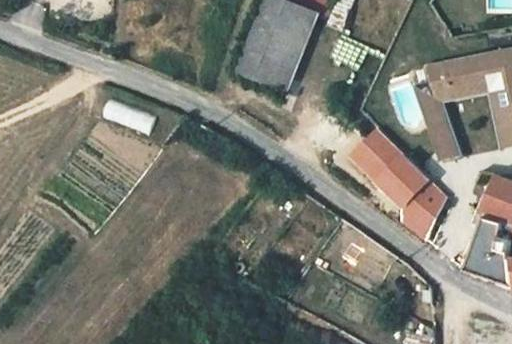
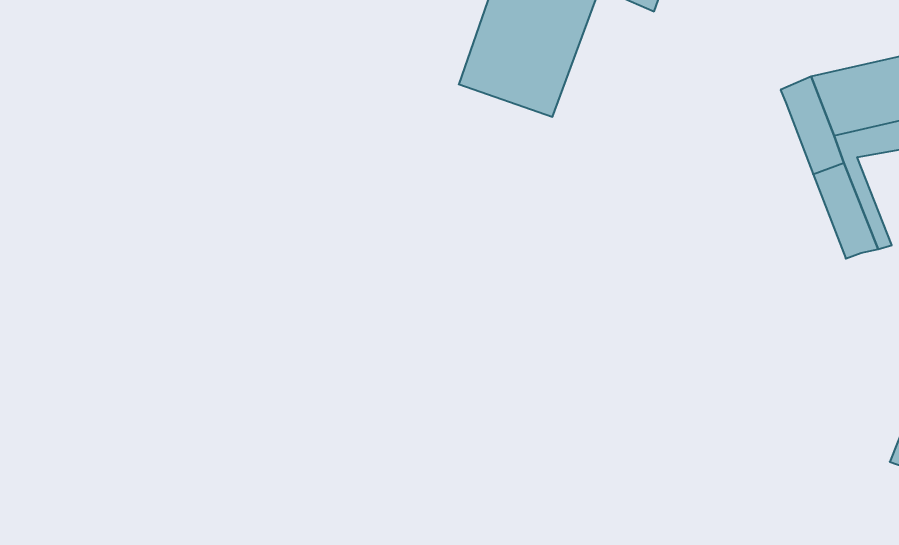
building: [348,129,444,237] -> none

